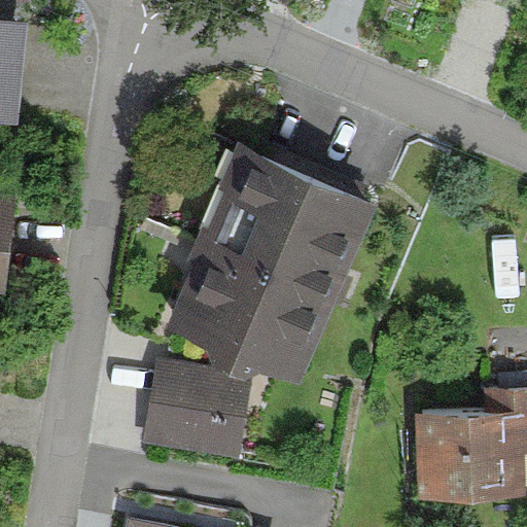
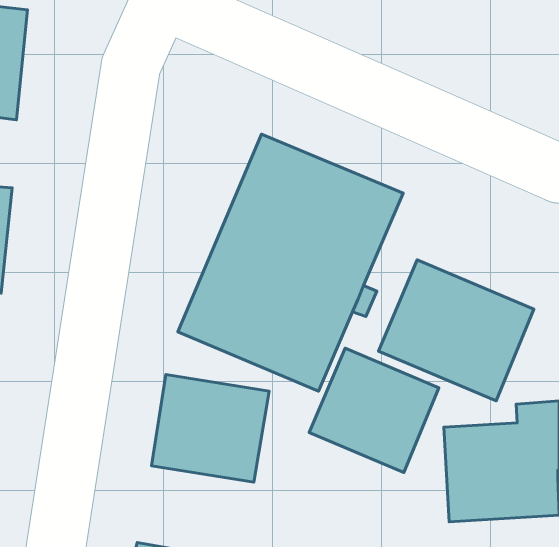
building: none -> [378,260,534,401]
building: none -> [309,348,439,473]

